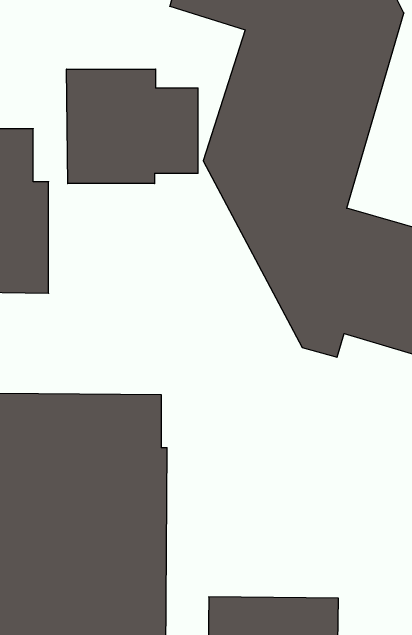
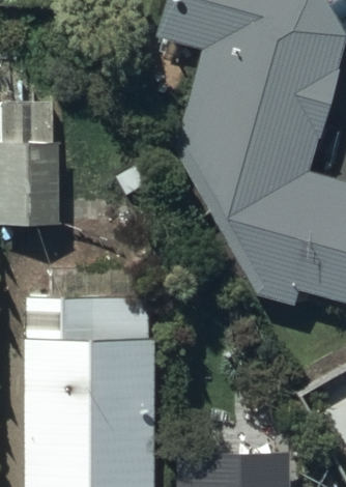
building: [67,69,198,184] -> none

